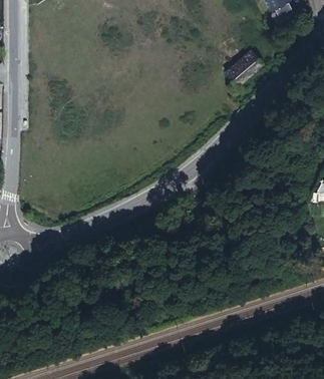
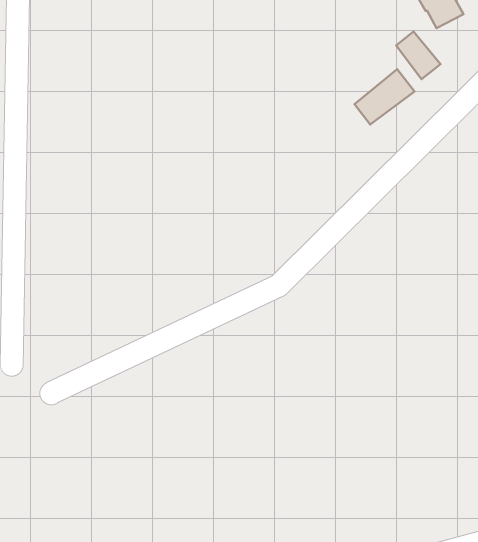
building: none -> [396,32,441,79]

